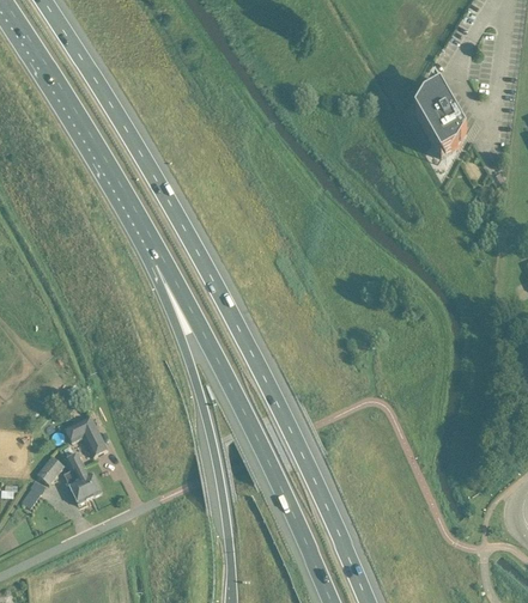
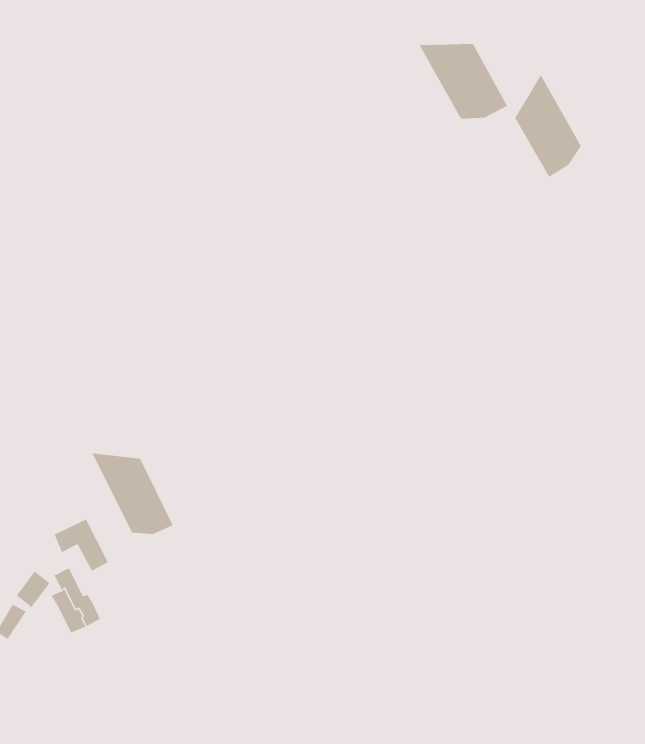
building: none -> [418,43,508,120]
building: none -> [91,452,174,535]

